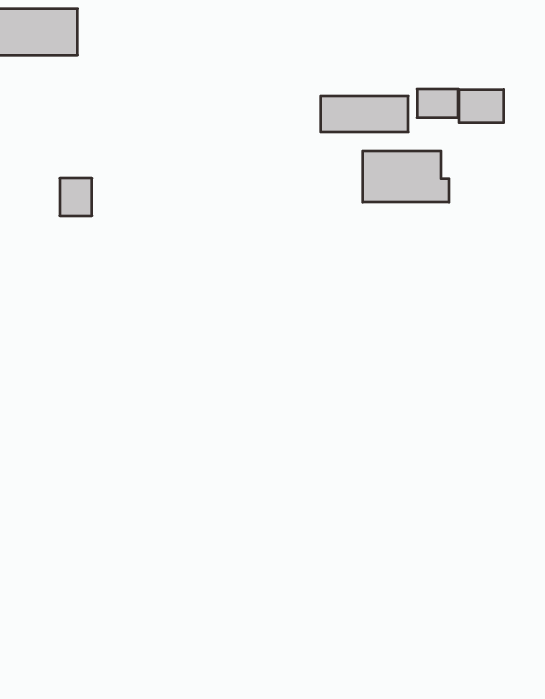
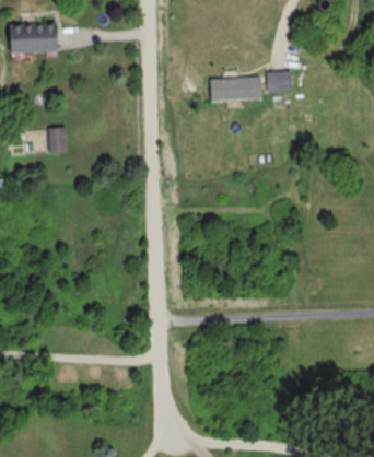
building: [459,89,504,123] -> none
building: [363,151,449,202] -> none

